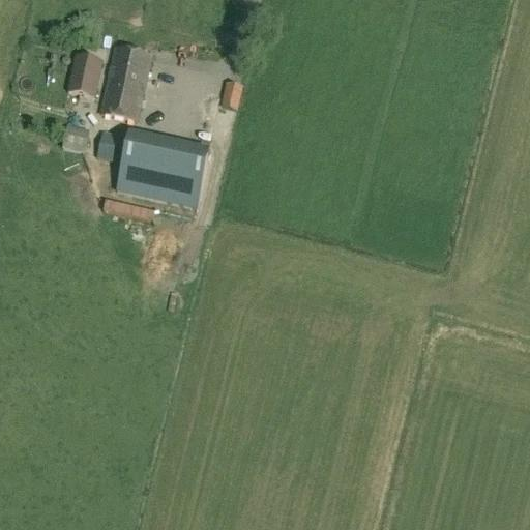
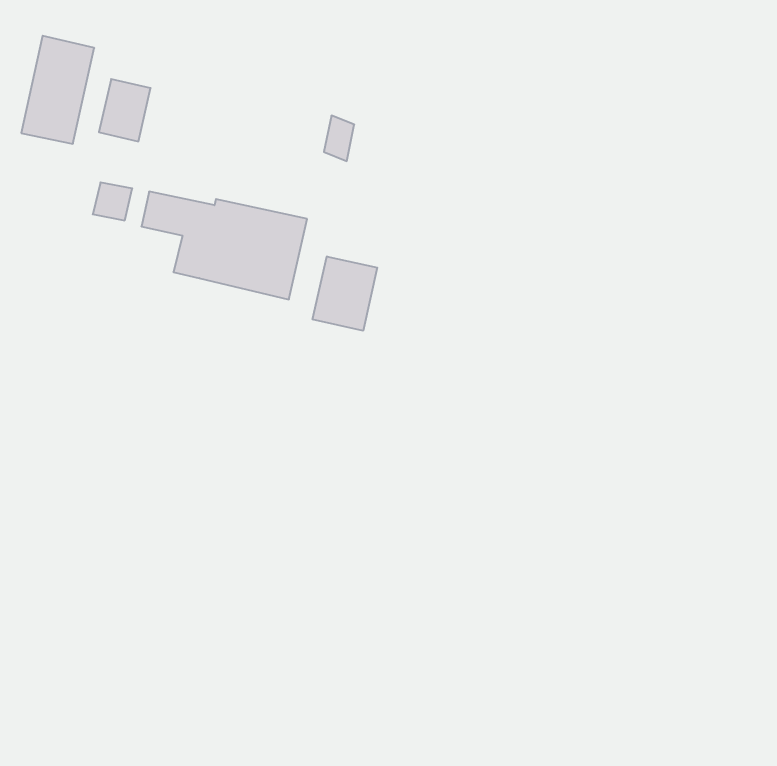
building: [100,46,150,119] -> [21,36,94,144]
building: none -> [313,256,377,331]

